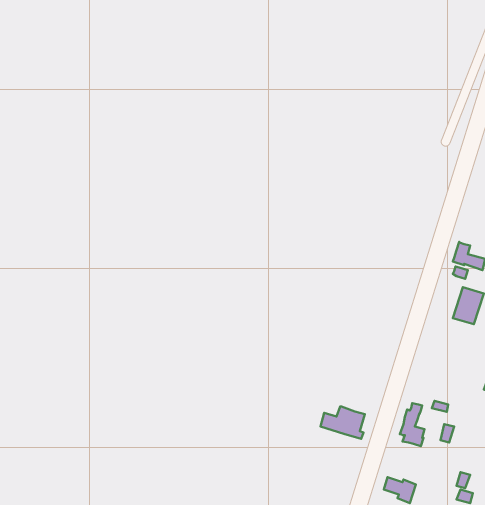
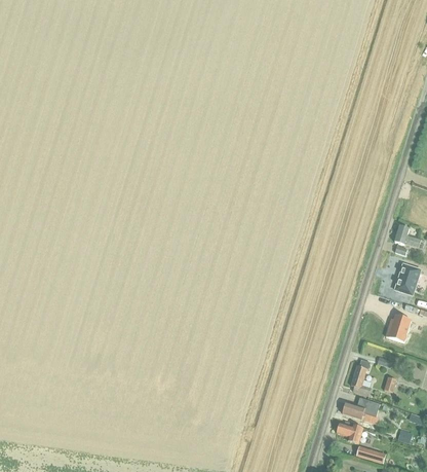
building: none -> [385,314,411,341]
building: [320,407,365,439] -> [343,396,380,423]

